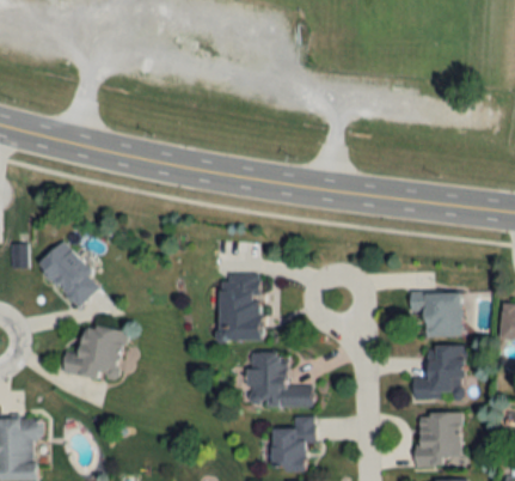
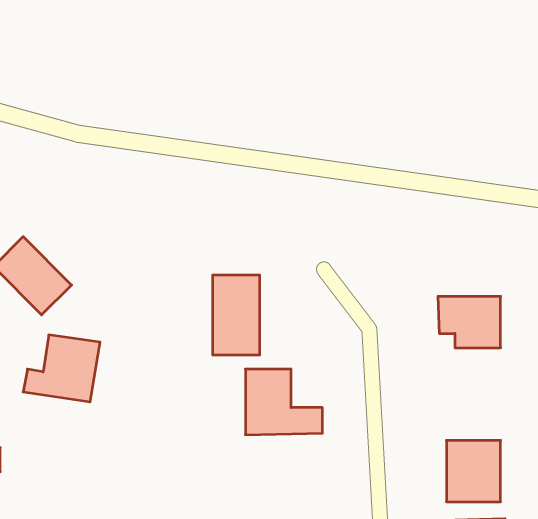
building: [412,345,464,398] -> none
building: [270,416,315,471] -> none

